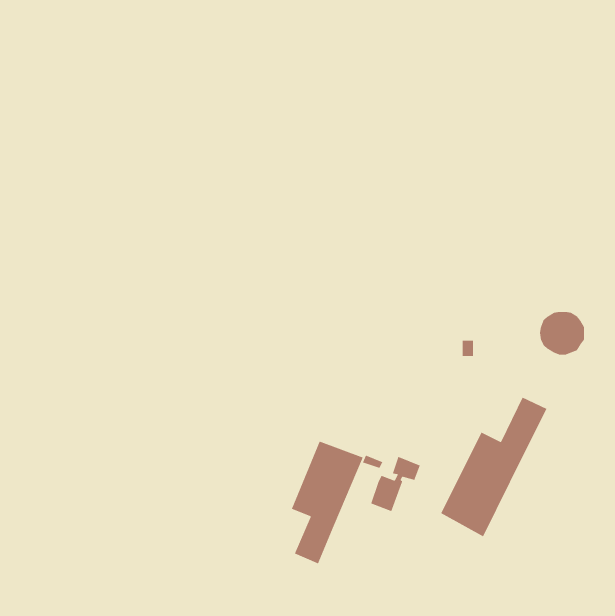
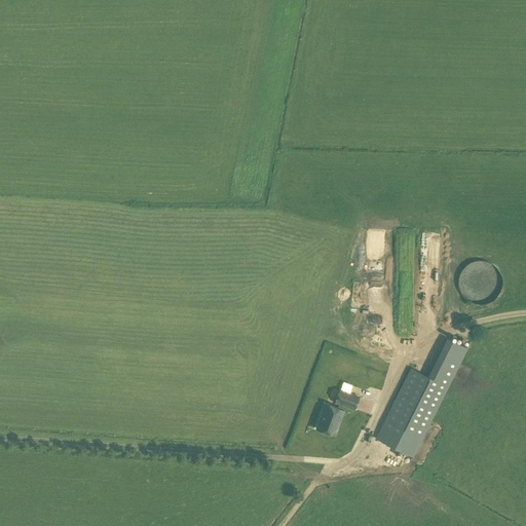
building: [291,441,364,565] -> none

